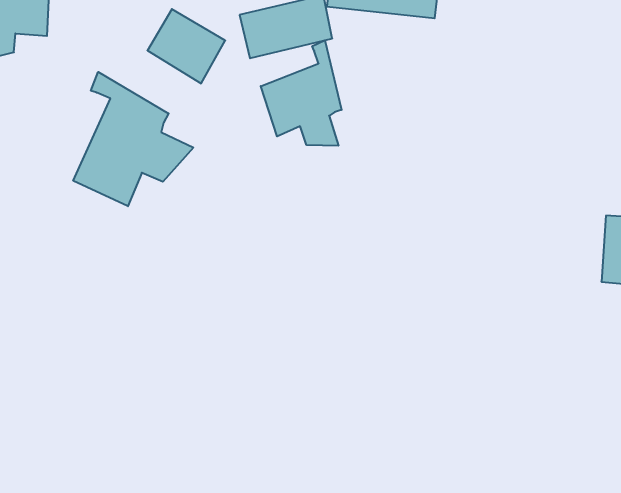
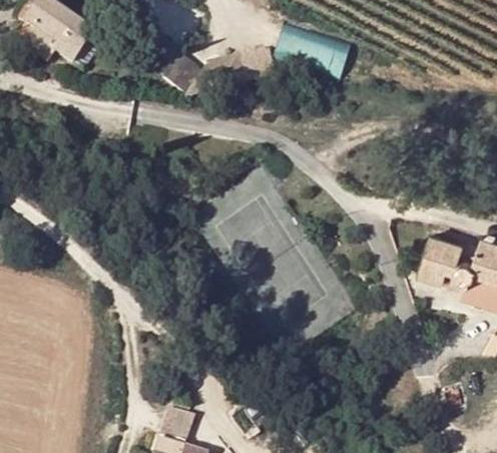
building: [261,40,342,146] -> none
building: [73,72,193,206] -> none

